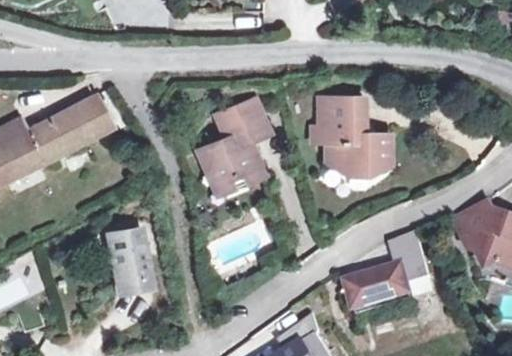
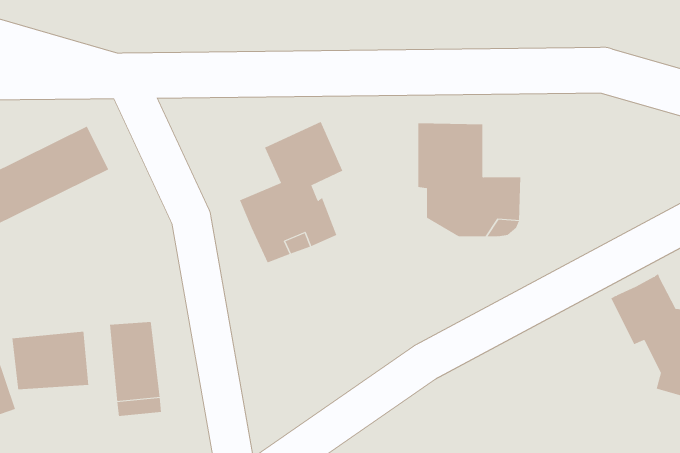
building: [345,228,429,307] -> none
building: none -> [12,331,89,390]

